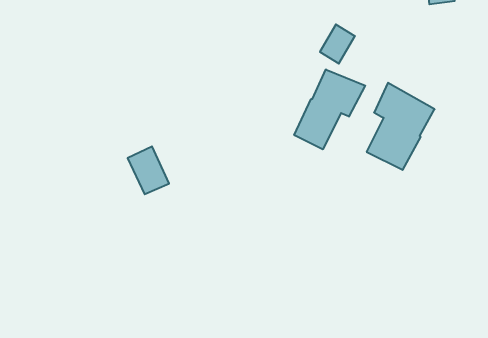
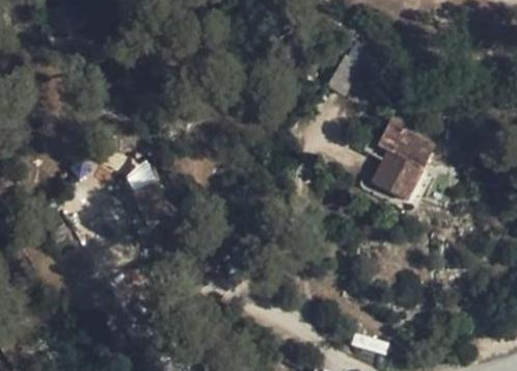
building: [294,69,365,149] -> none

